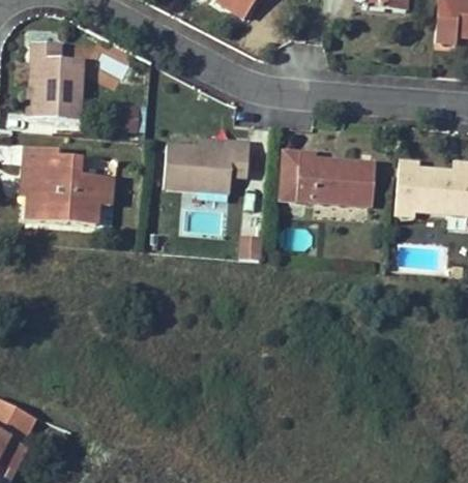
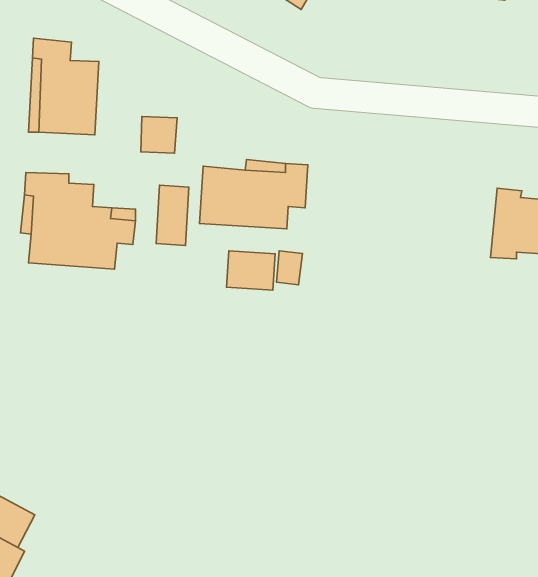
building: [281,150,375,204] -> none
building: none -> [156,185,189,245]
building: none -> [226,251,275,290]

